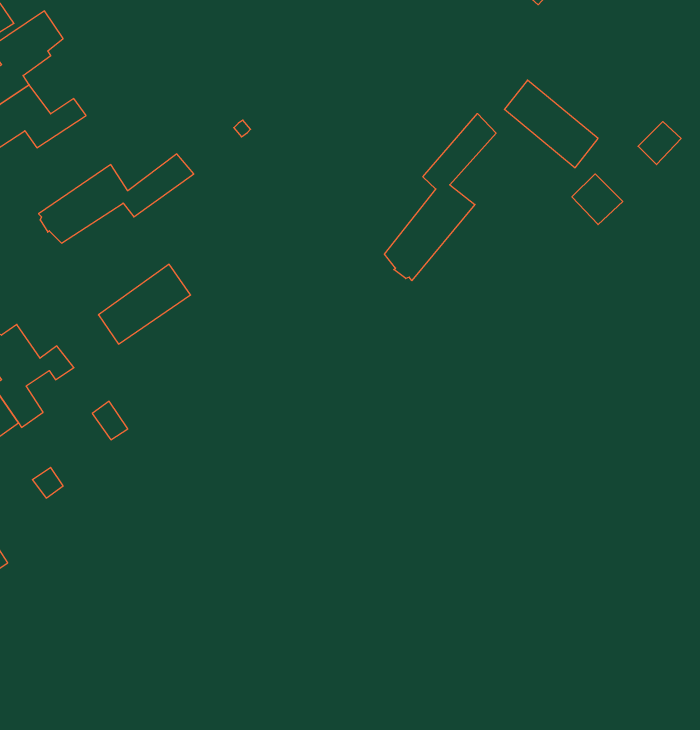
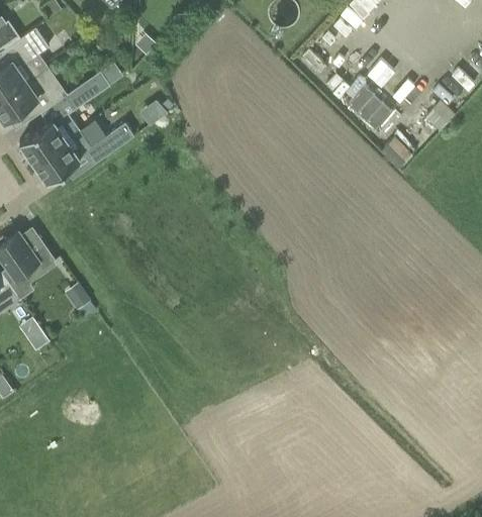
building: none -> [62,74,107,112]
building: [384,114,496,281] -> none
building: [98,264,191,344] -> [17,110,78,163]

